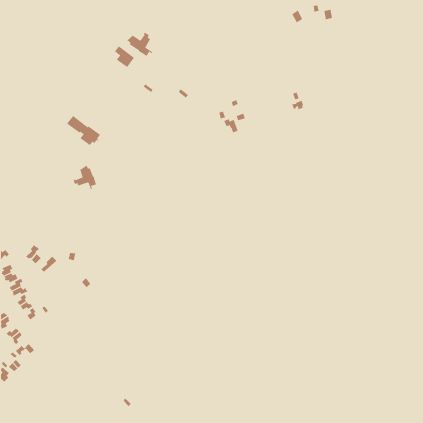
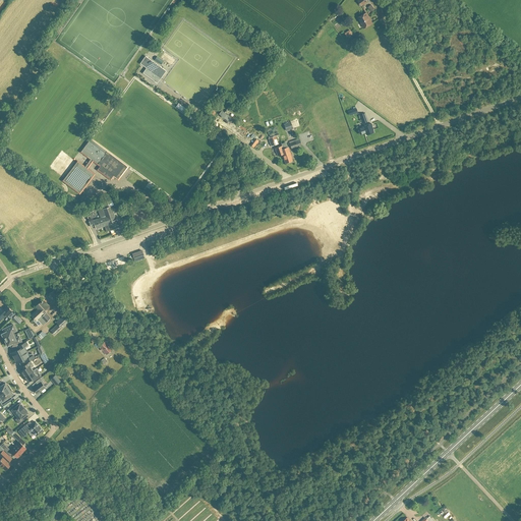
building: [126,32,153,57] -> none
building: none -> [63,162,94,192]

